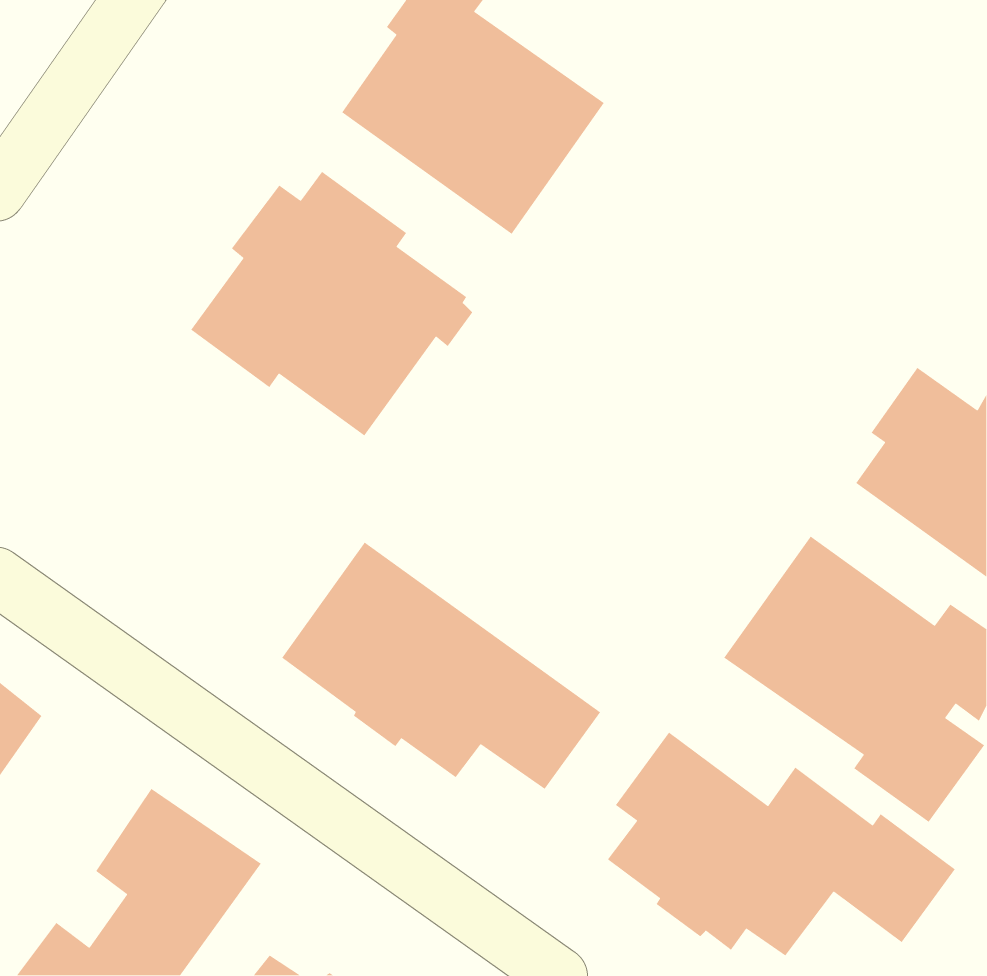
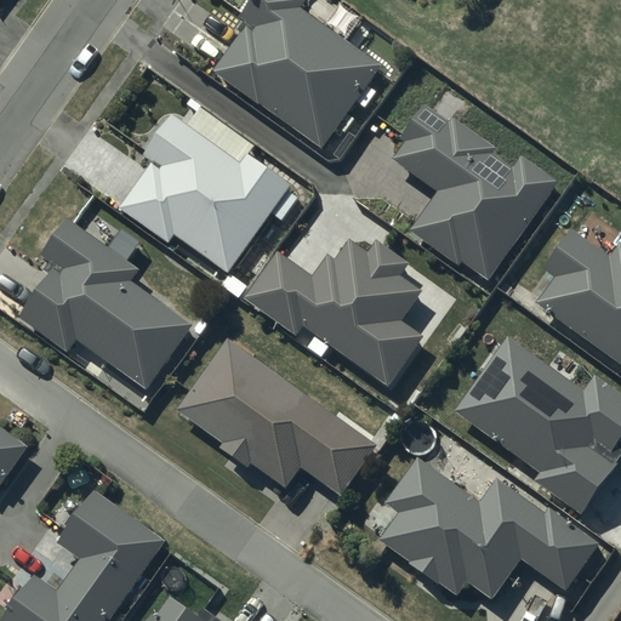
building: none -> [393,104,556,279]
building: none -> [19,218,190,388]
building: none -> [245,239,423,384]

